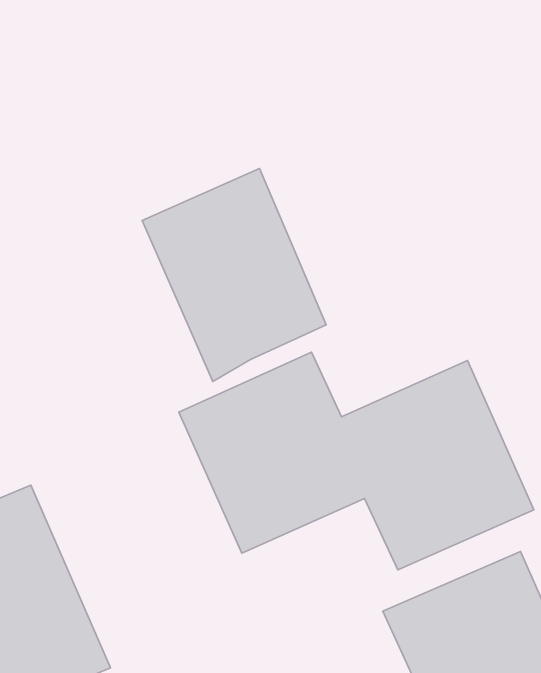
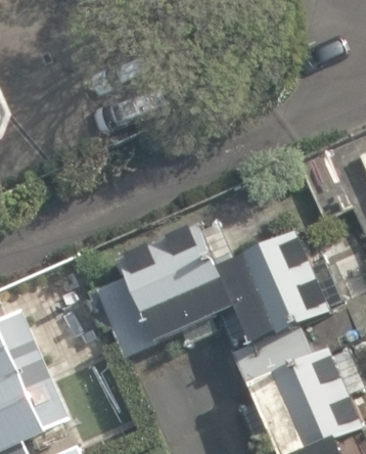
building: [142,168,326,382] -> none

